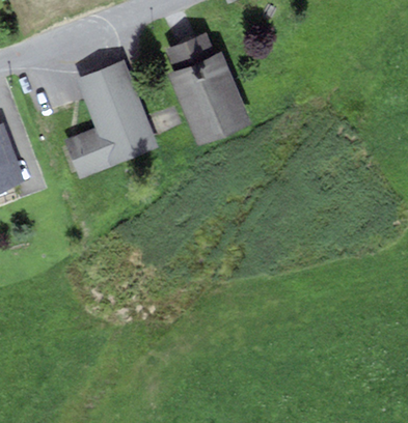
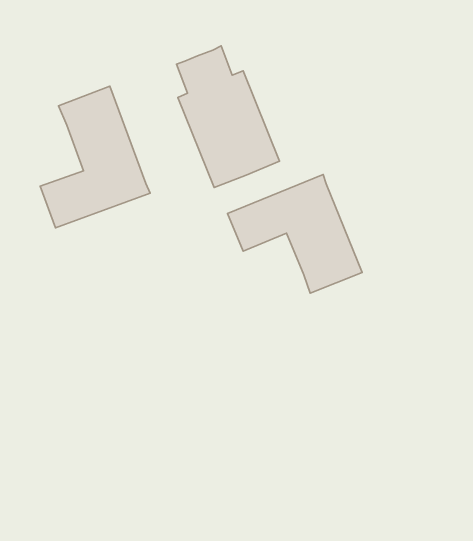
building: none -> [228,174,362,293]

